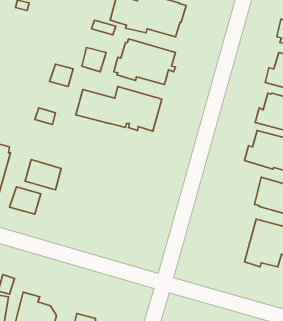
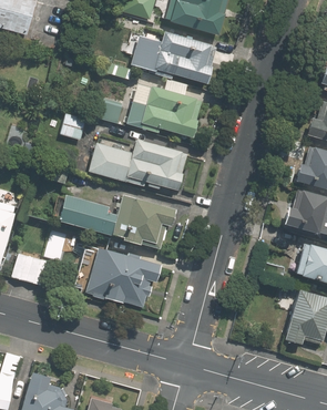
building: none -> [57,194,174,248]
building: none -> [83,247,160,307]

